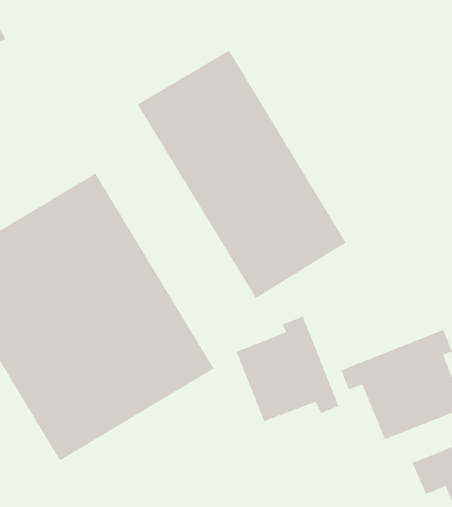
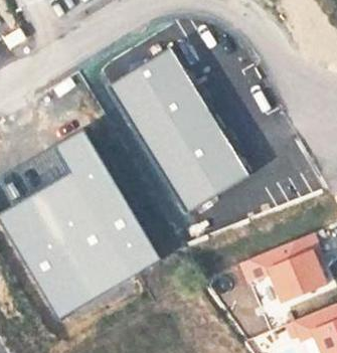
building: [236,316,339,422] -> none

